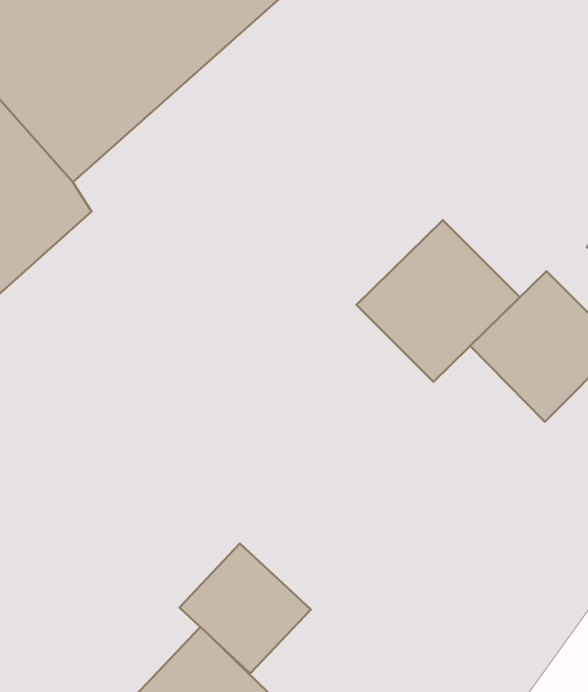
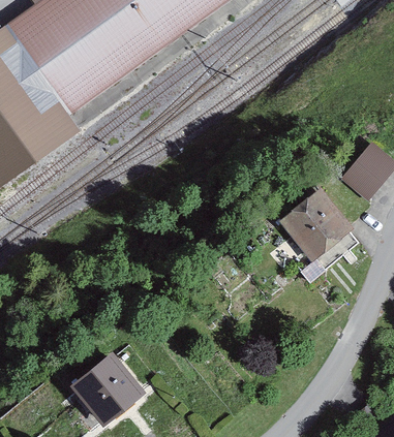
building: [357,220,520,382] -> none
building: [179,544,311,673] -> none

